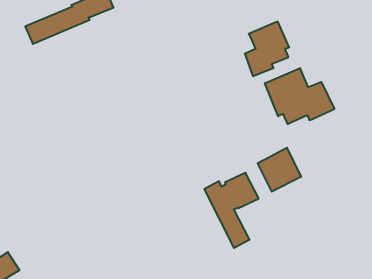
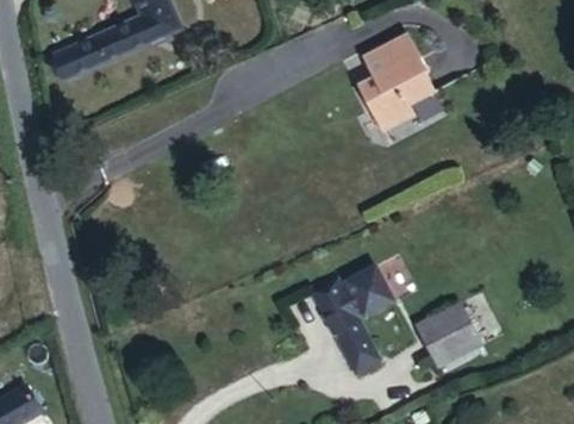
building: [265,68,334,124] -> none
building: [258,148,301,192] -> [411,307,474,370]

